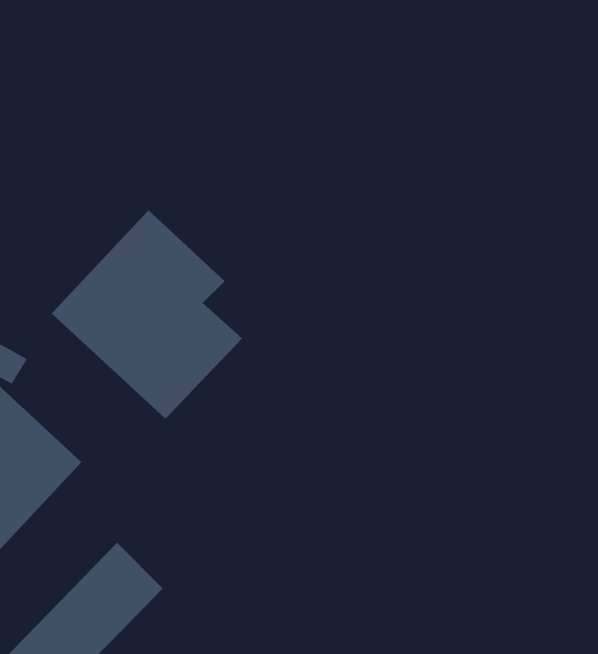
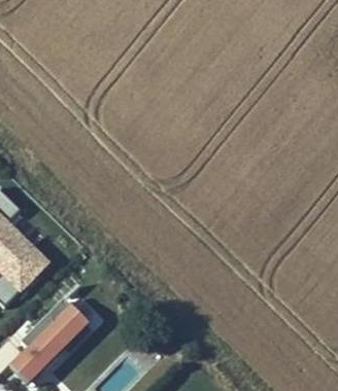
building: [51,209,243,420] -> none

